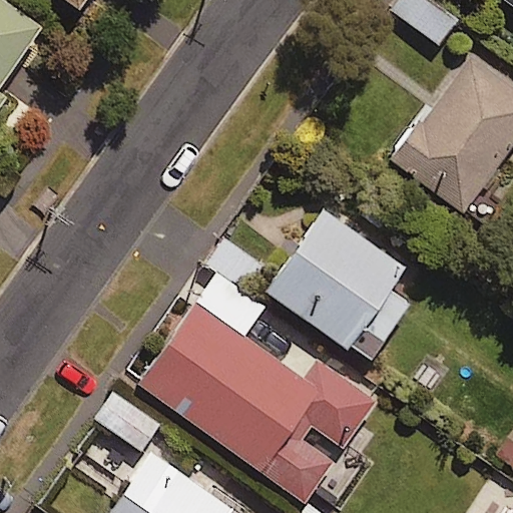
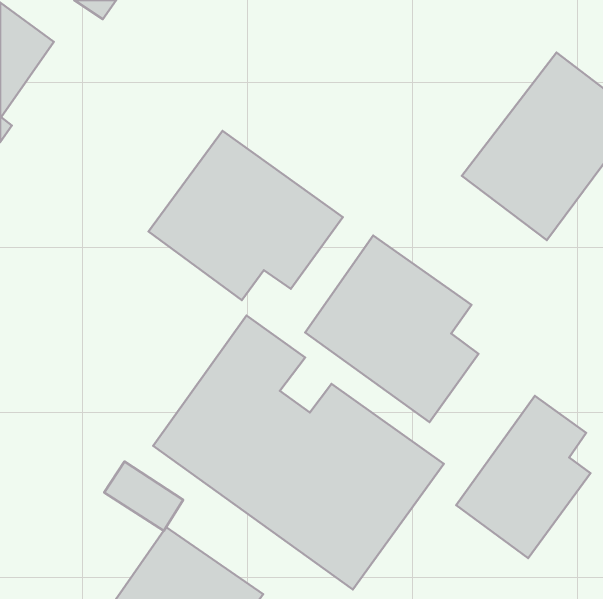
building: none -> [148,131,343,300]
building: none -> [456,396,591,558]

